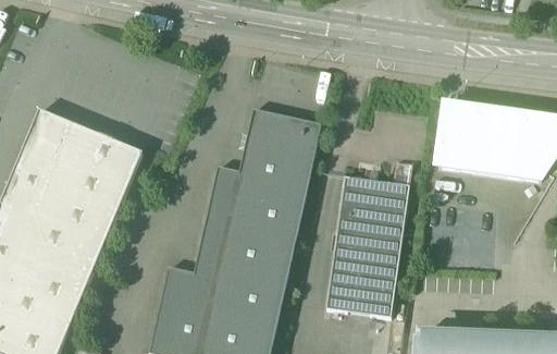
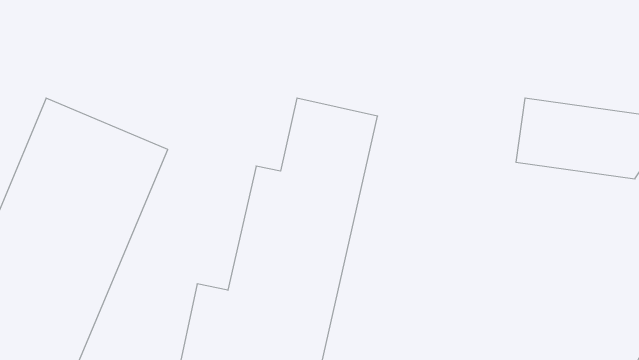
building: [325,173,409,315] -> none

